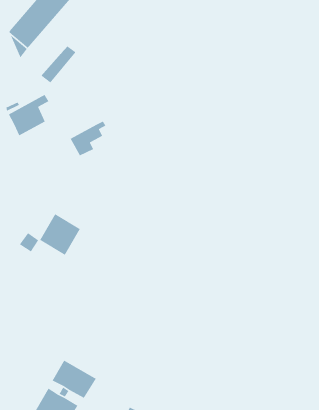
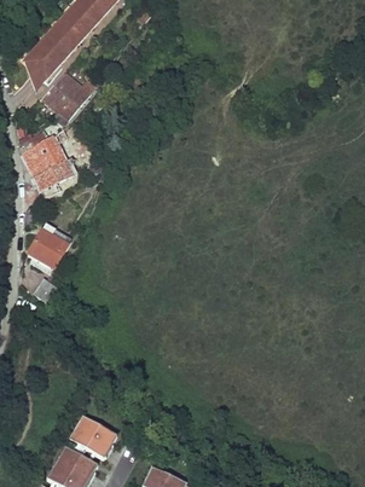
building: none -> [42,74,79,111]
building: [69,120,107,156] -> [34,157,74,196]
building: [39,213,81,256] -> [27,224,71,269]

